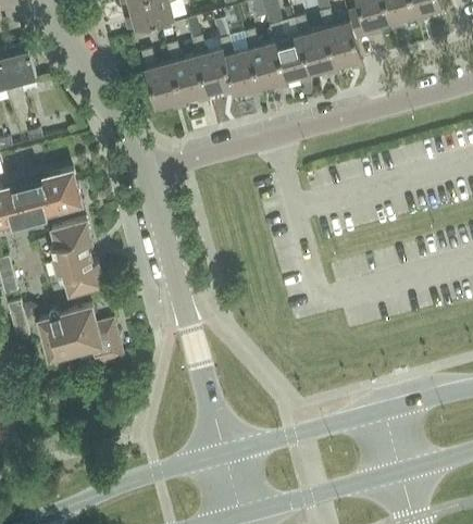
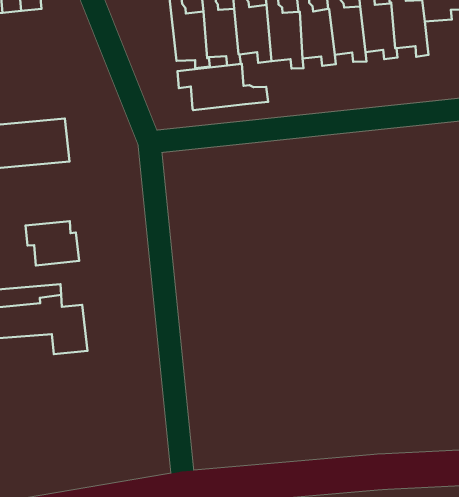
building: none -> [177,64,268,110]
building: [50,221,91,263] -> none

